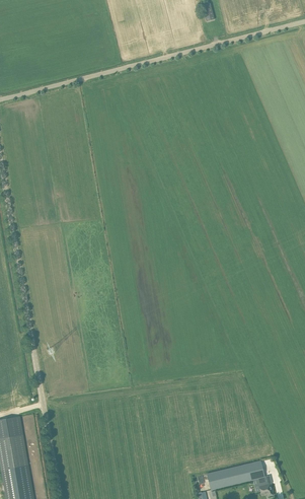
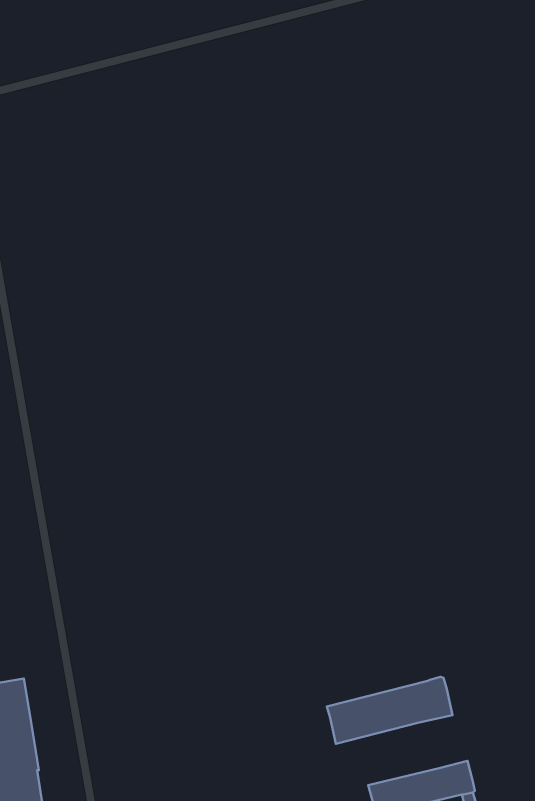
building: none -> [327,677,453,744]

